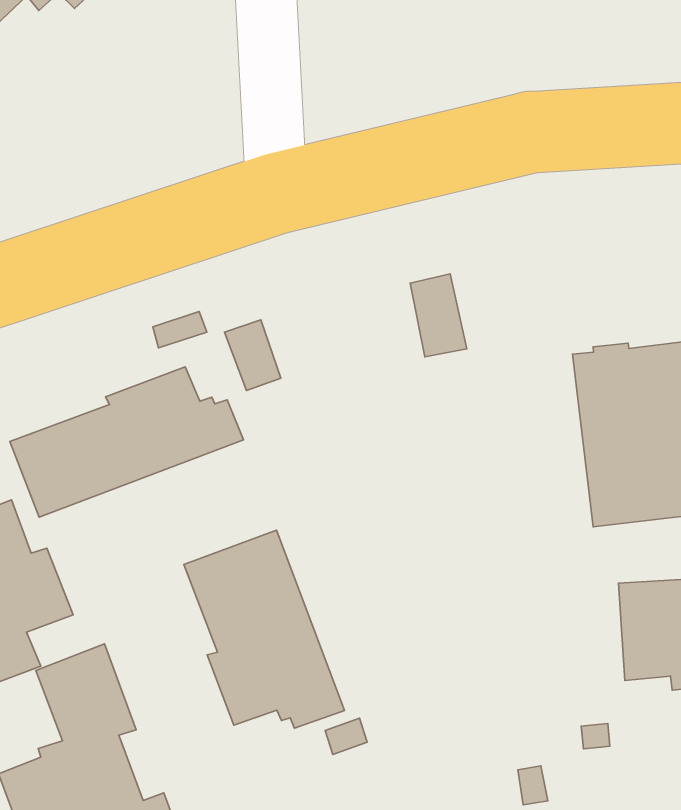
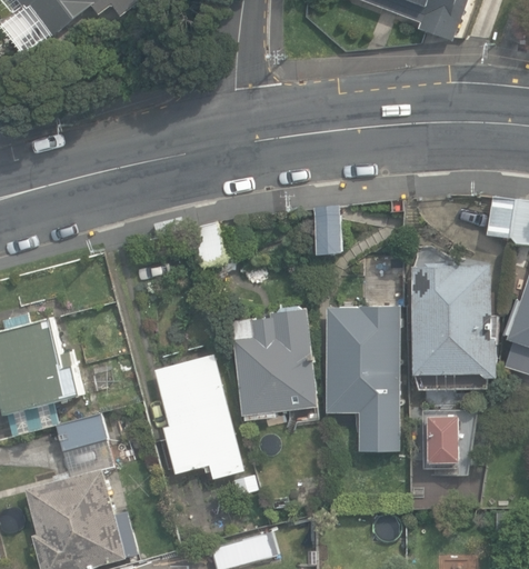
building: [10,367,244,517] -> none
building: none -> [325,307,399,452]
building: none -> [231,309,318,421]

